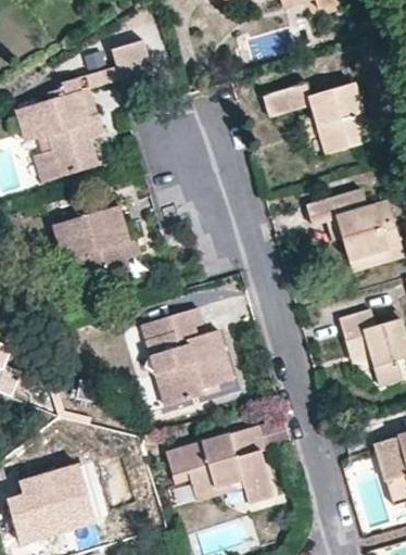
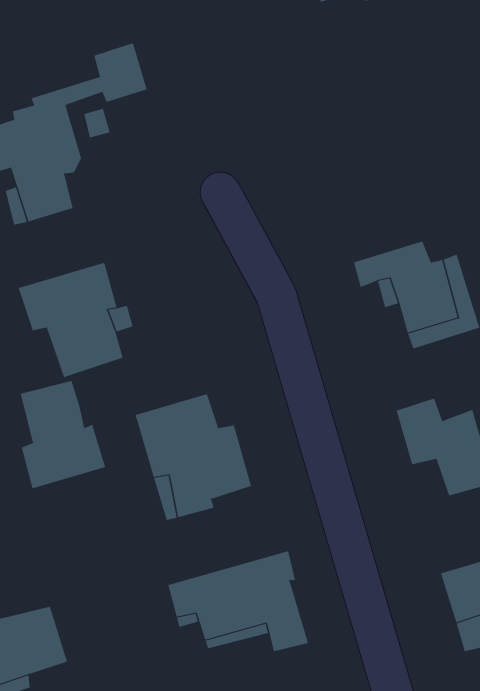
building: [263,81,370,153] -> none
building: none -> [20,380,106,489]

